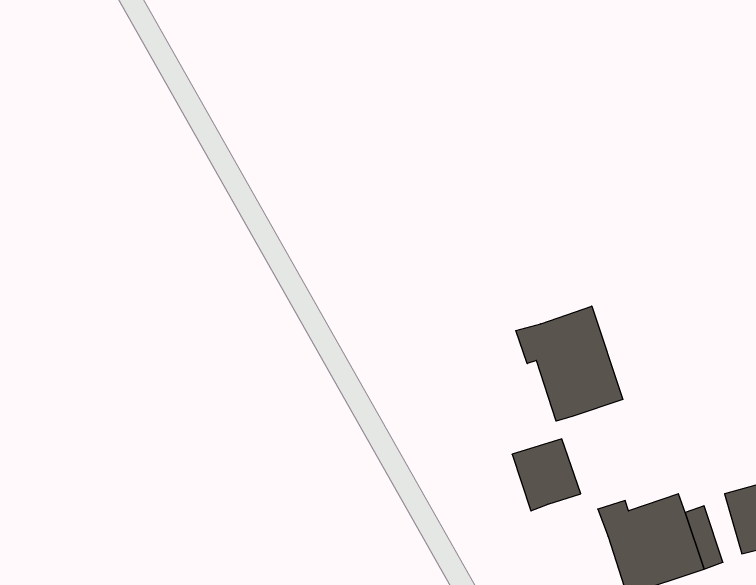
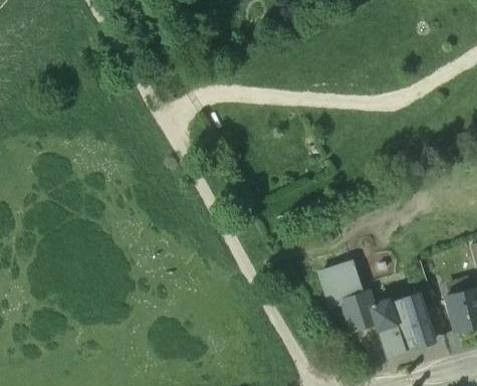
building: [516,306,623,421] -> none
building: none -> [341,294,377,330]

